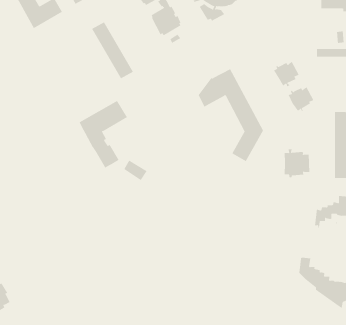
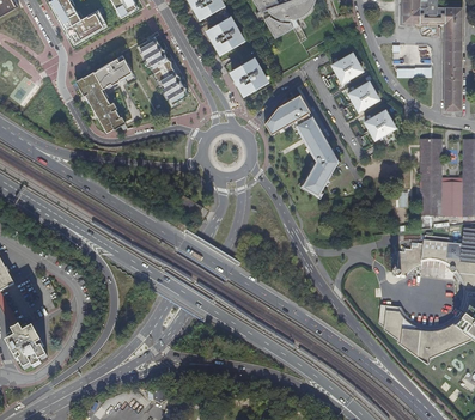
building: none -> [333,54,361,84]
building: none -> [232,59,267,95]
building: [79,100,128,168] -> [78,55,134,133]
building: [284,148,310,178] -> none

